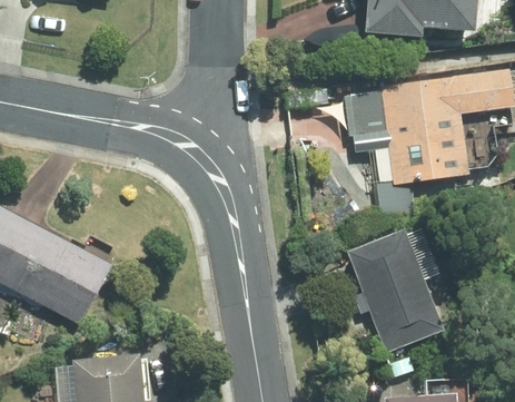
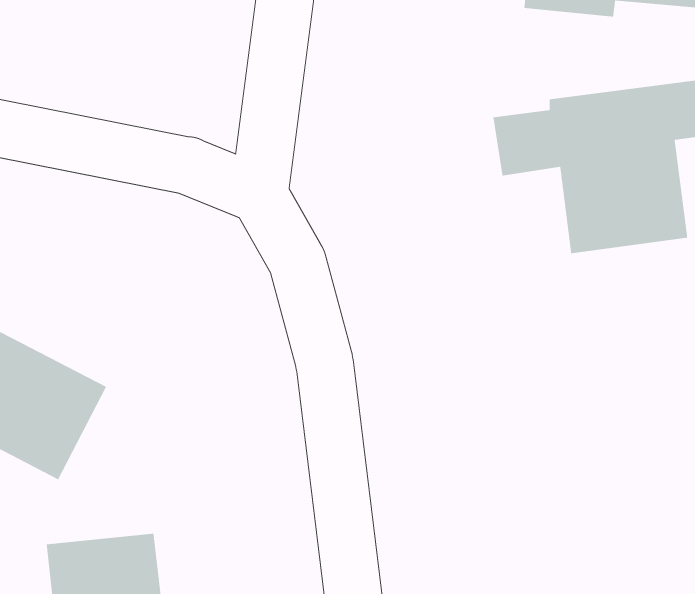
building: [346,227,443,352] -> none

